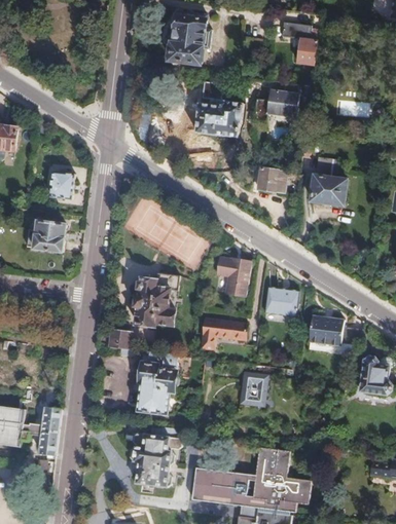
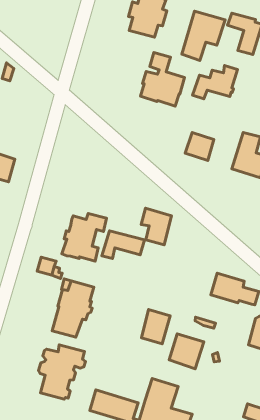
building: none -> [182,11,225,60]
building: [47,172,73,198] -> none
building: [263,288,297,317] -> none
building: [204,320,249,350] -> [102,231,144,258]
building: none -> [169,334,204,369]

